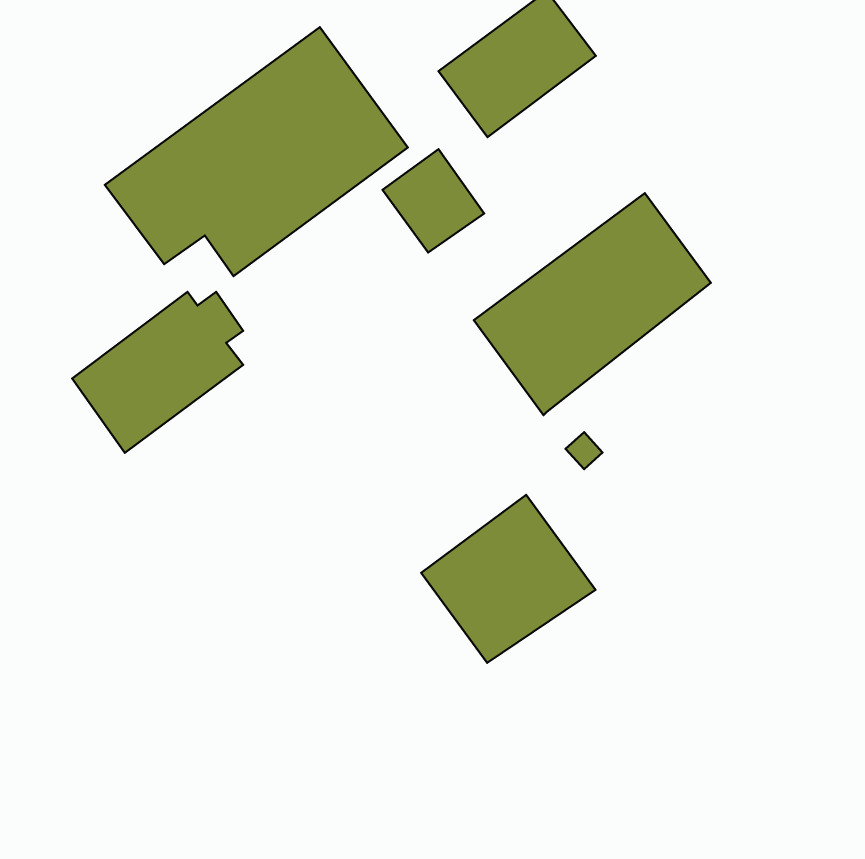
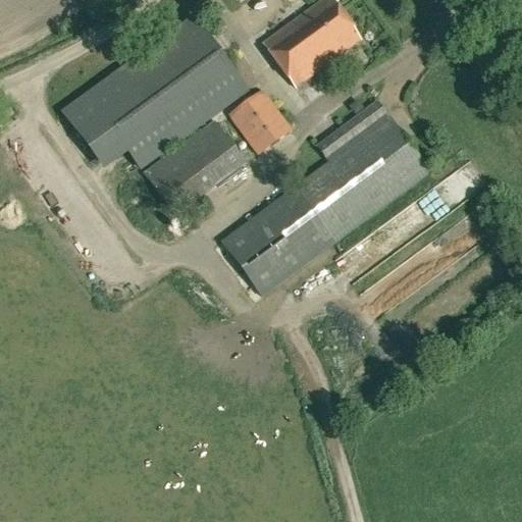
building: none -> [318,99,387,157]
building: [72,292,243,453] -> [144,118,247,215]
building: [421,495,596,663] -> [222,193,327,294]

